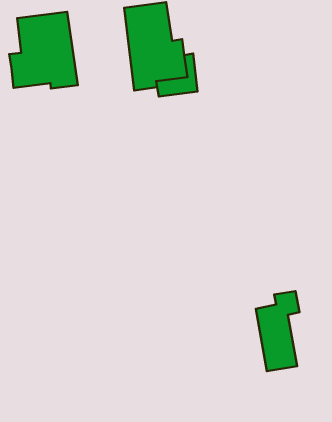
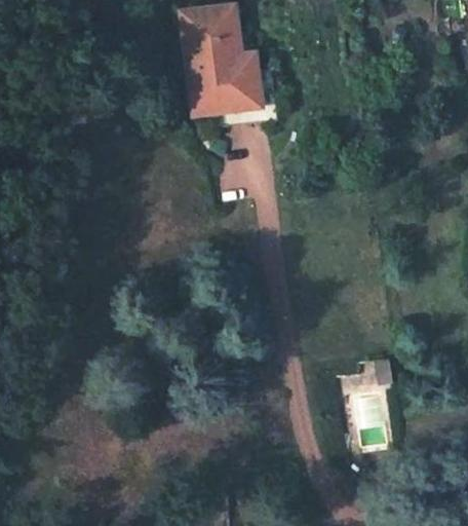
building: [9,12,78,88] -> none

